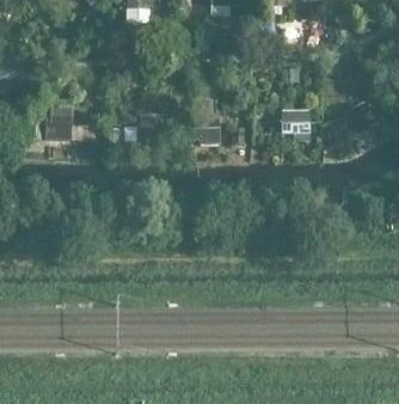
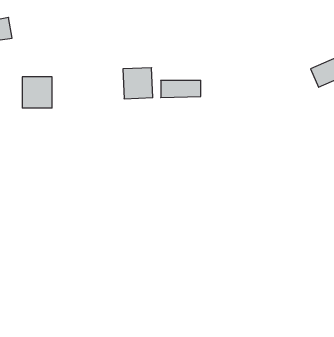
building: [284,109,314,142] -> none

